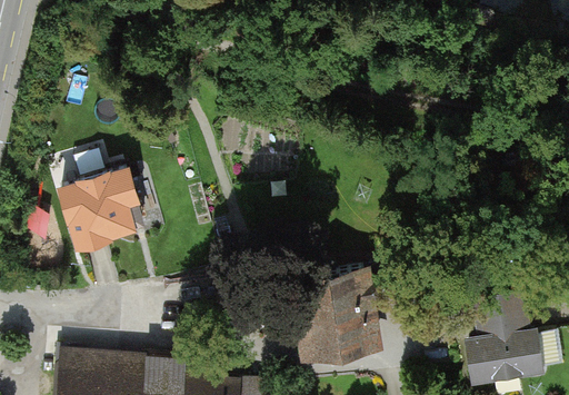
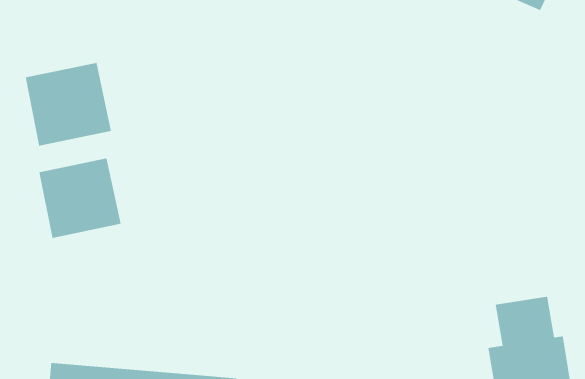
building: none -> [25,62,112,147]
building: [293,266,382,354] -> none

